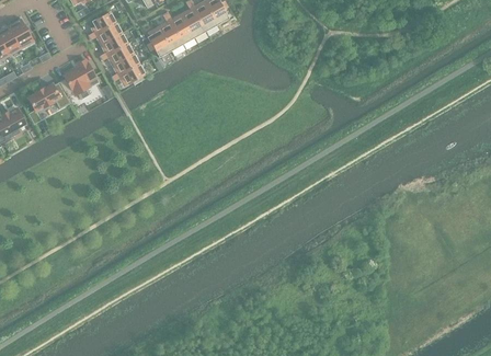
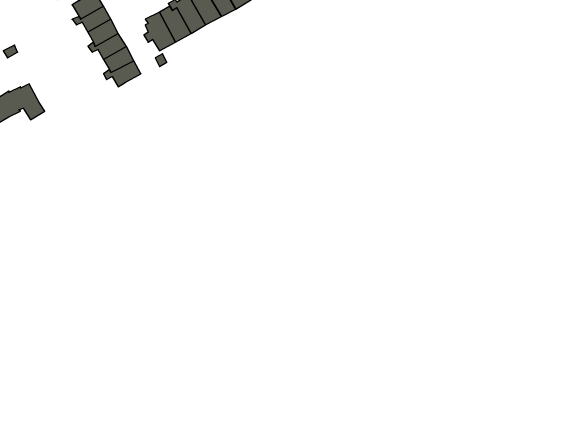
building: [58,58,95,99] -> none

